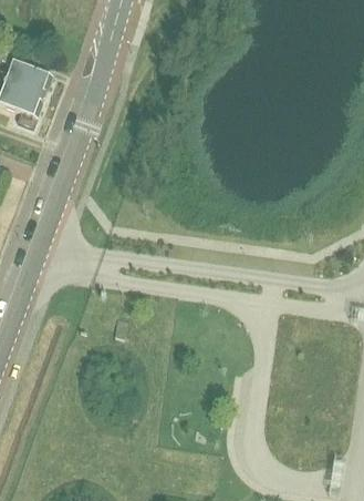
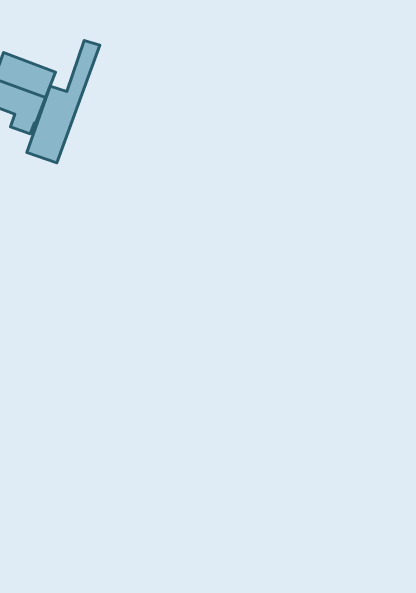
building: none -> [27,41,100,163]

